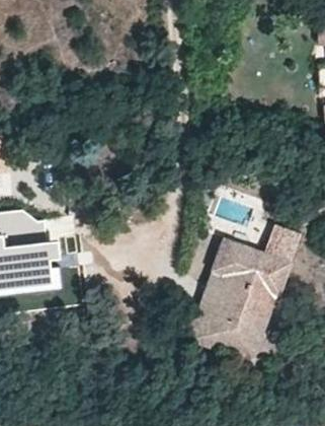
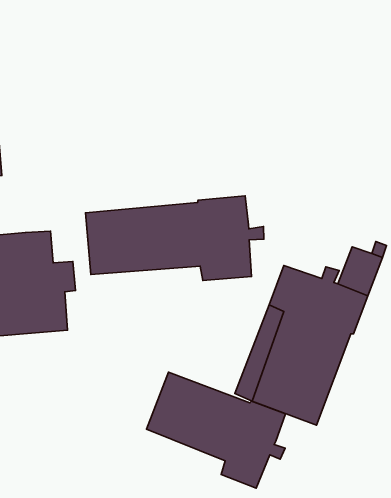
building: none -> [85,196,264,280]
building: none -> [146,372,286,488]

